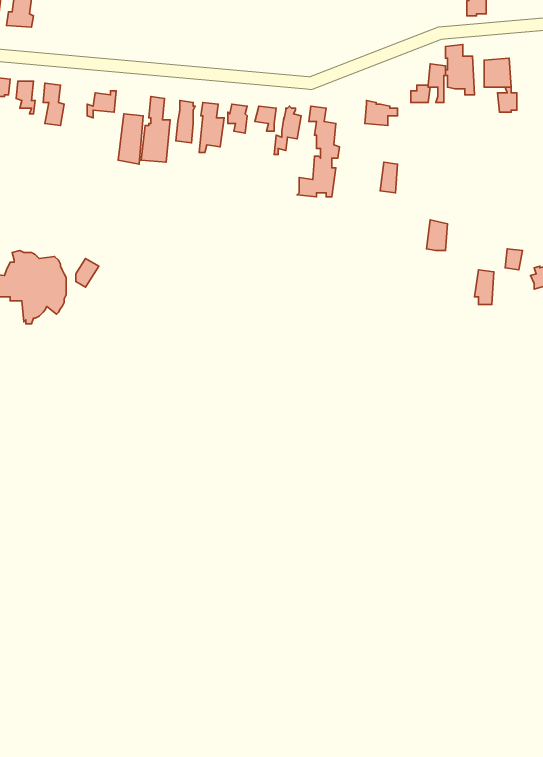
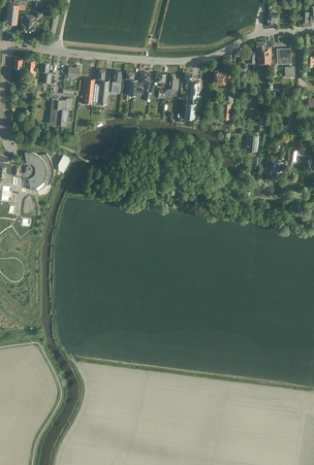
building: none -> [49,97,72,125]

